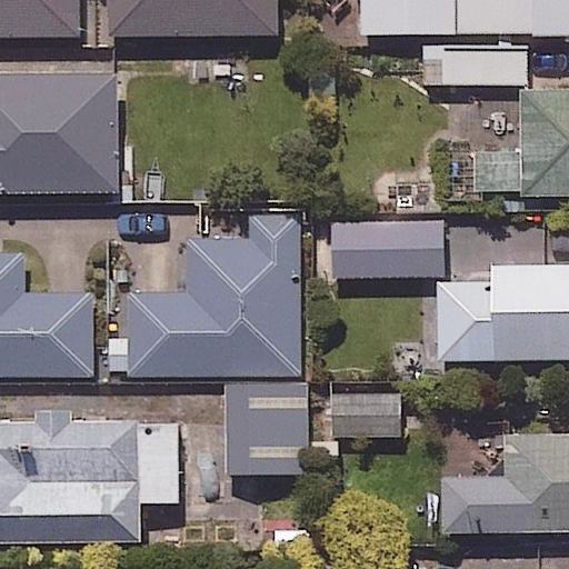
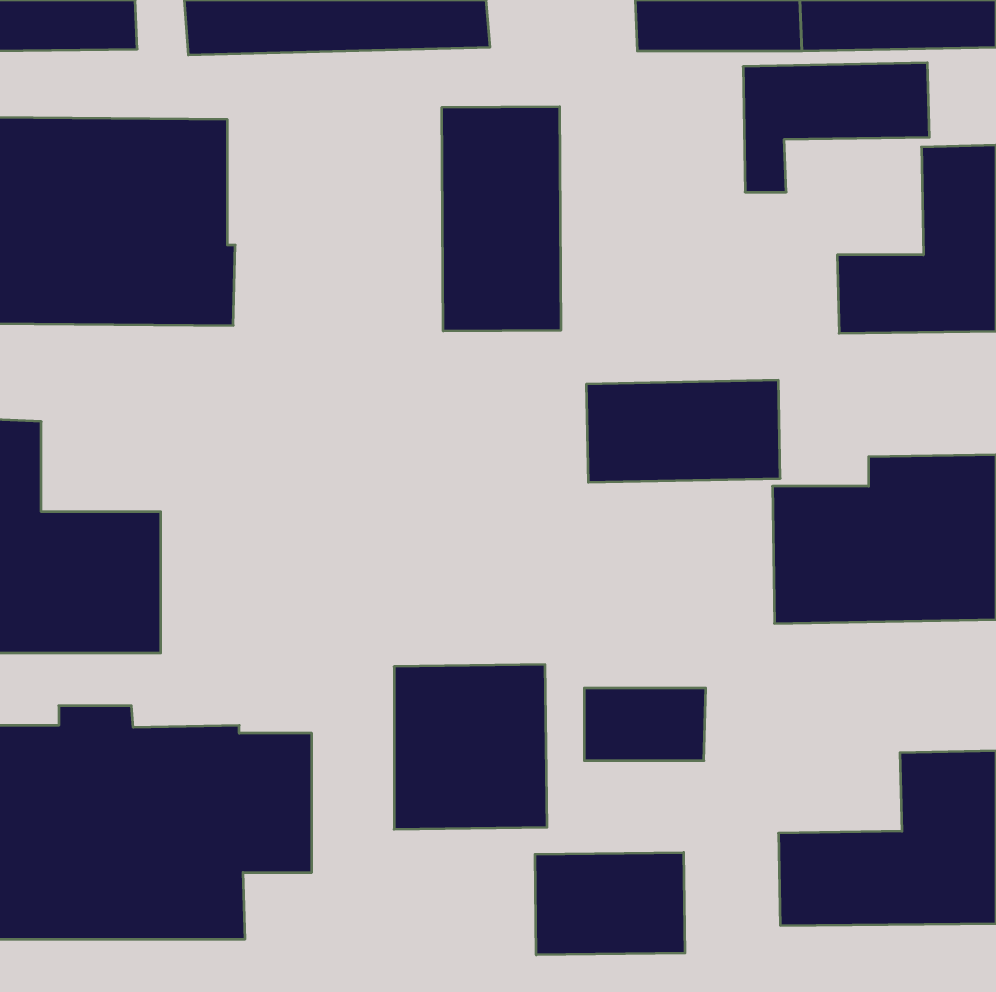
building: none -> [442,107,561,331]
building: [107,219,301,376] -> none
building: none -> [535,852,685,955]

